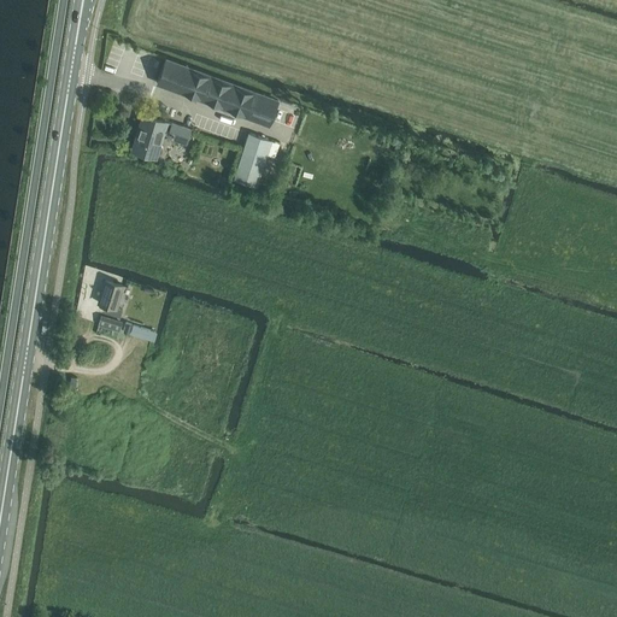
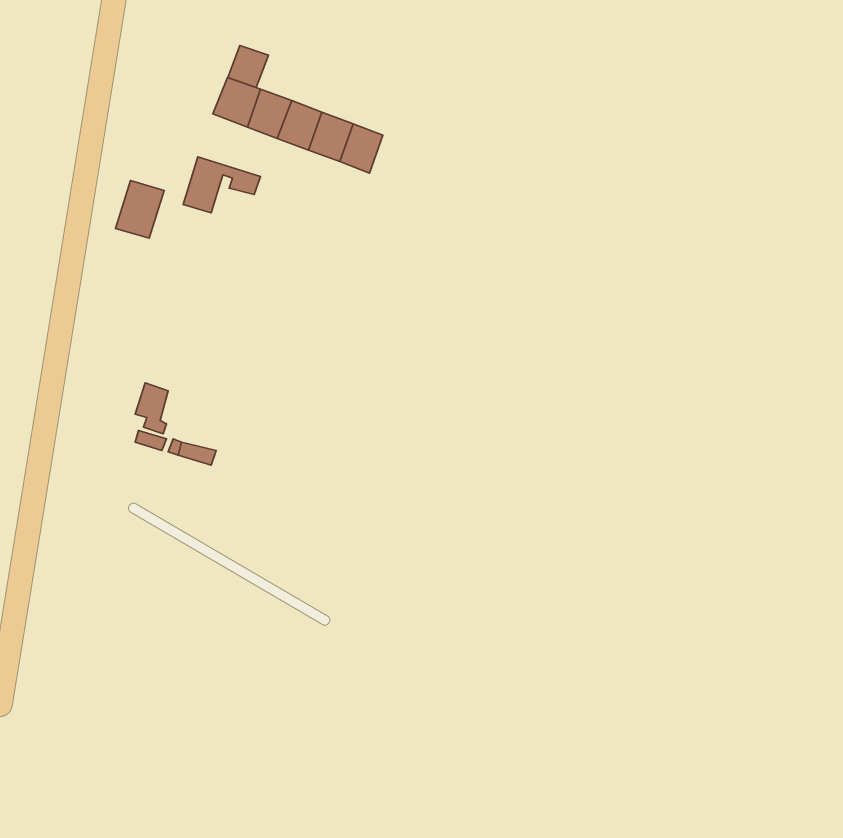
building: none -> [228,45,268,87]
building: none -> [115,181,164,238]
building: [233,136,271,190] -> none

